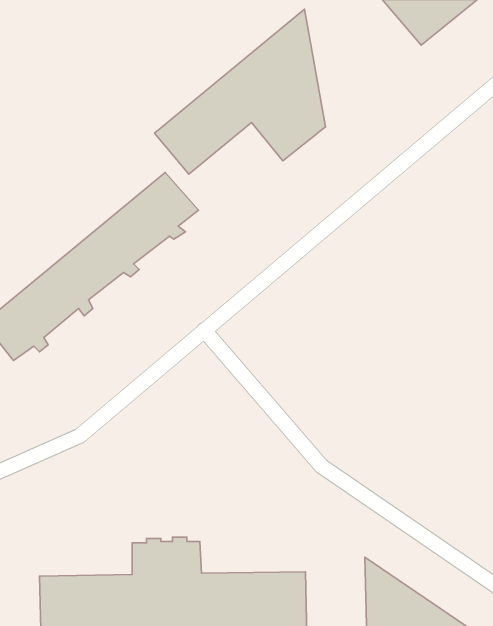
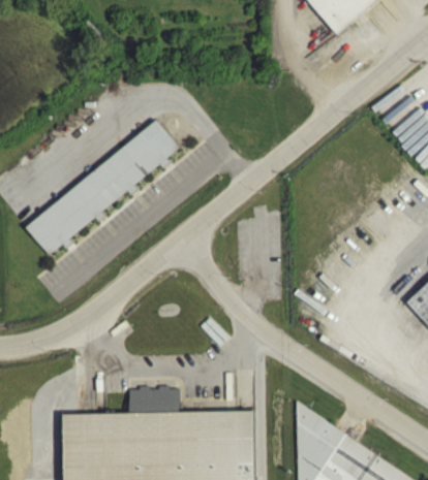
building: [155,9,326,174] -> none

